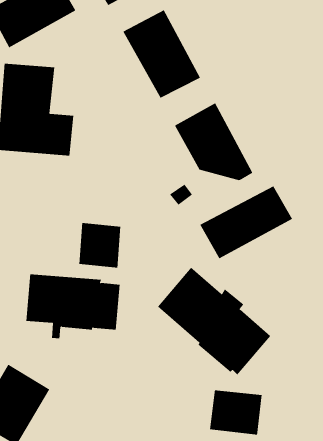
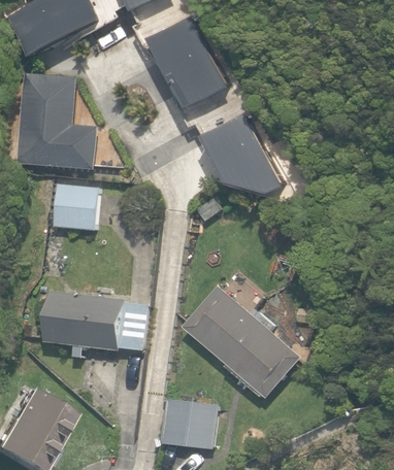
building: [200,185,293,259] -> none
building: [78,223,121,268] -> [54,183,98,231]
building: [209,390,263,435] -> [161,400,217,447]

